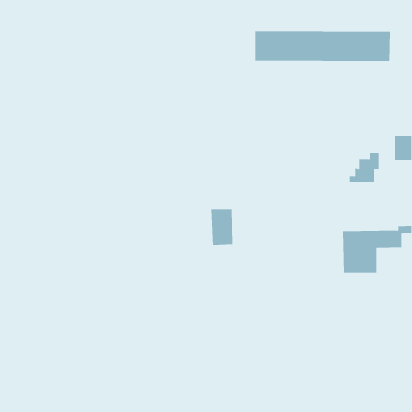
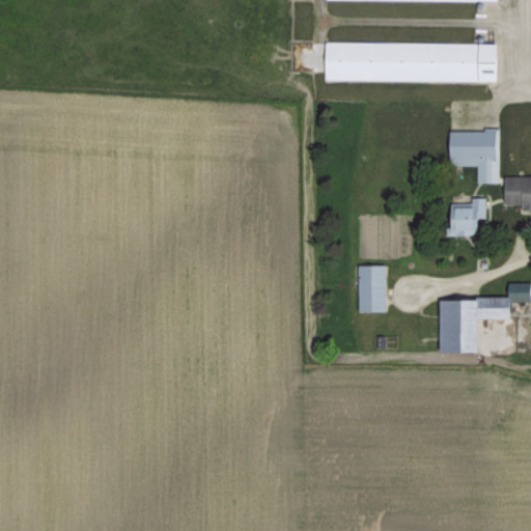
building: none -> [451,131,498,184]
building: [210,209,233,245] -> [358,266,387,312]

